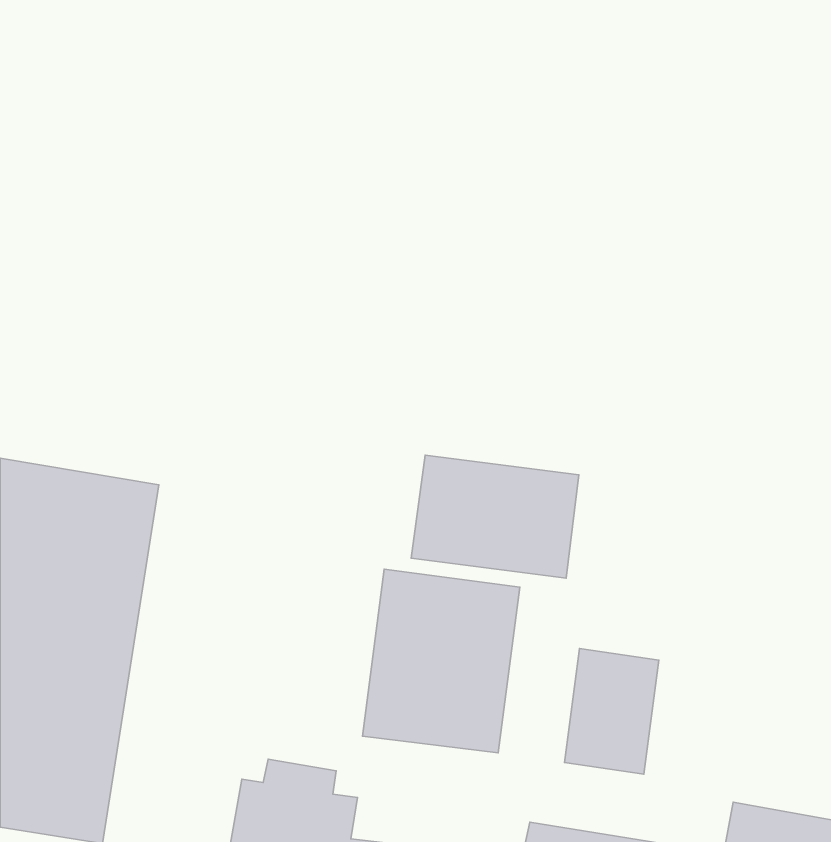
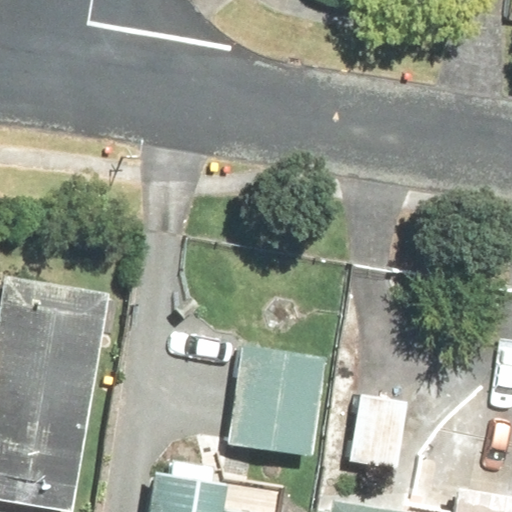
building: [411,455,579,578] -> none

